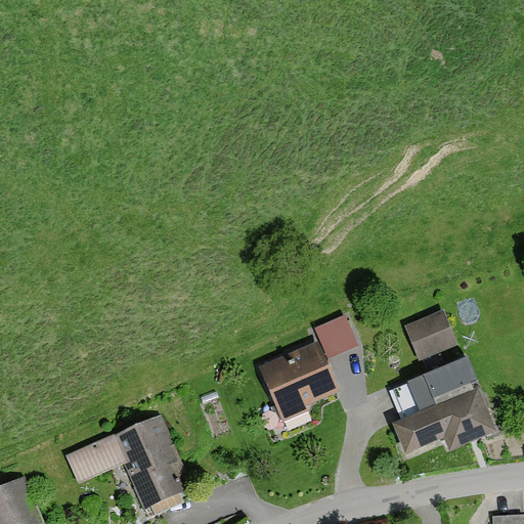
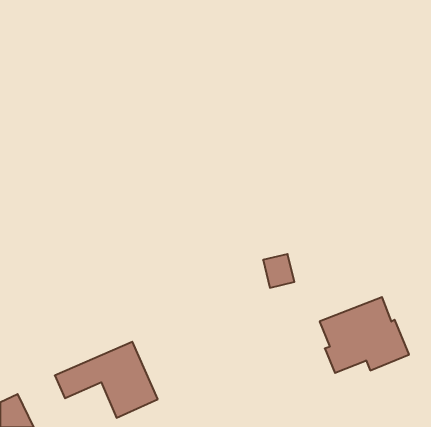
building: [403,310,455,360] -> none
building: [259,341,339,418] -> none

